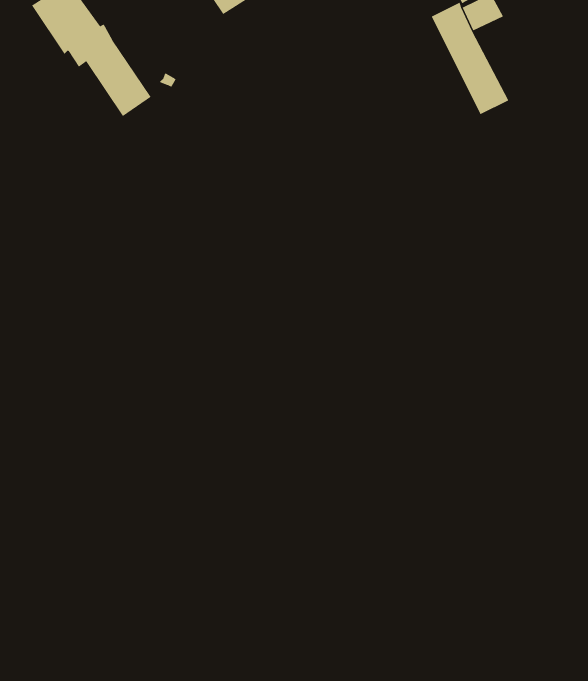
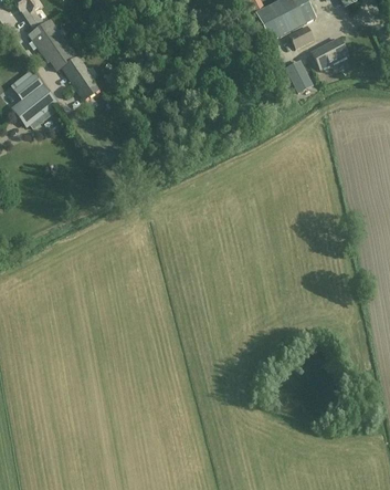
building: none -> [310,37,346,67]
building: none -> [13,71,60,127]

